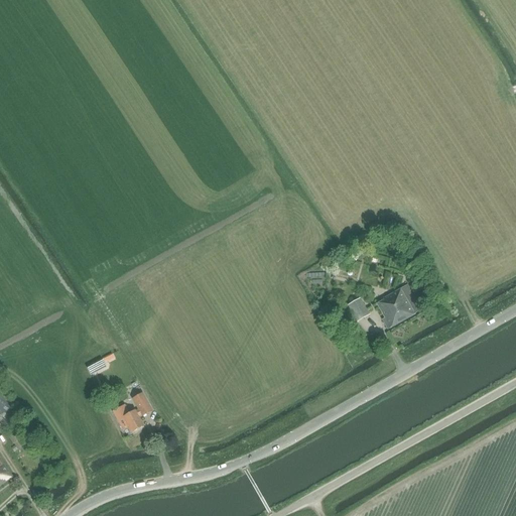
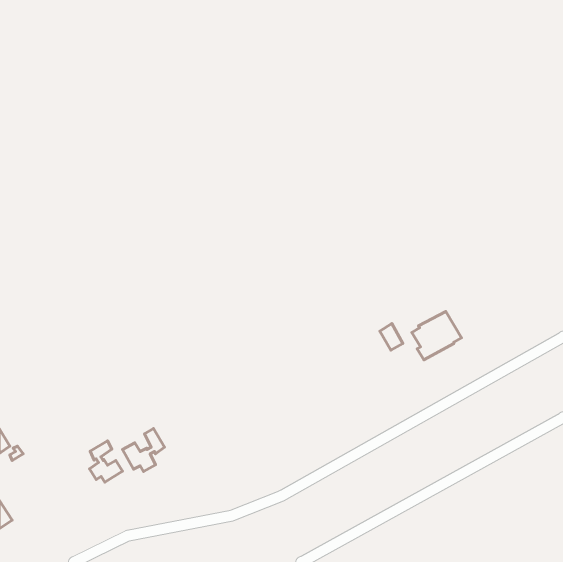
building: none -> [89,441,123,482]

